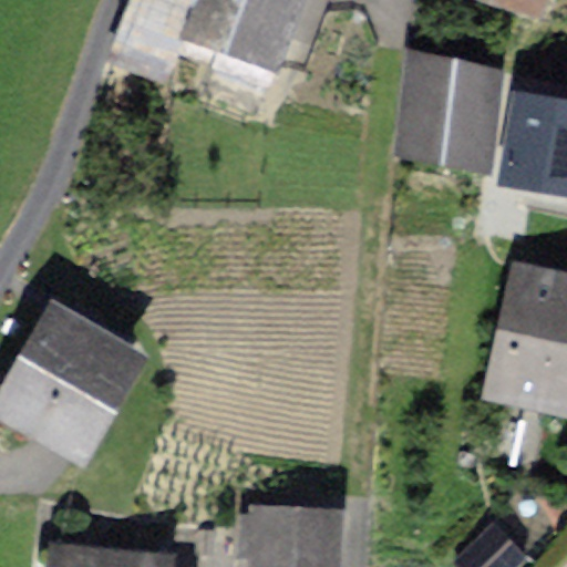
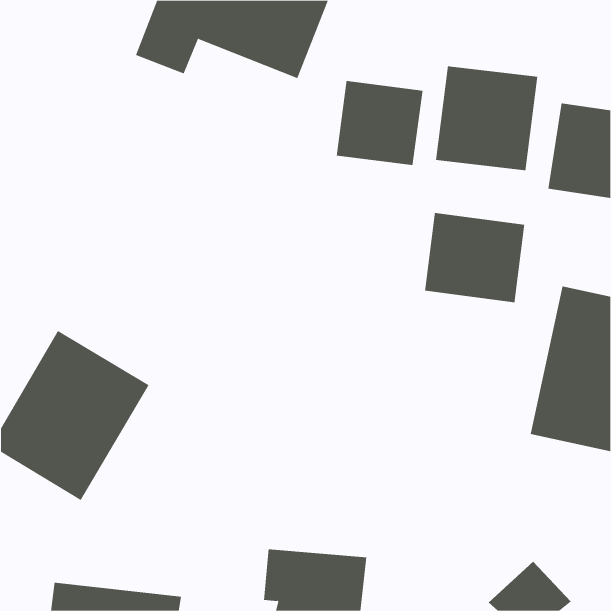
building: none -> [336,80,423,166]
building: none -> [424,212,525,303]

